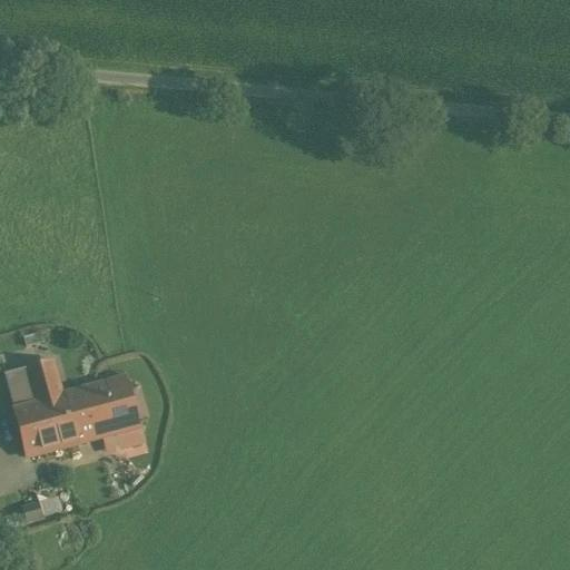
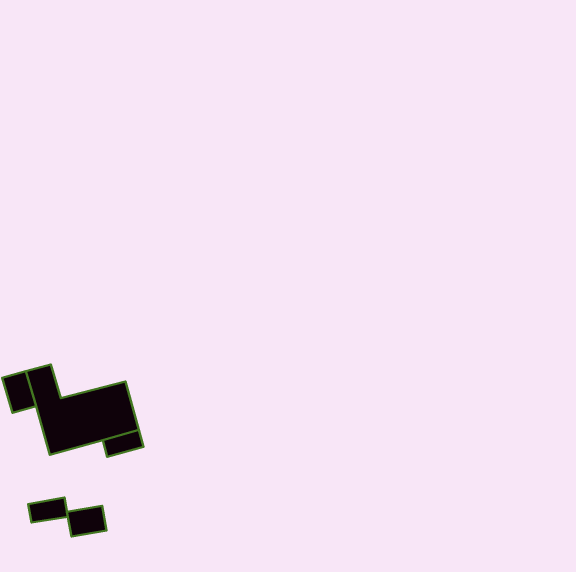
building: [13,401,50,455] -> none
building: none -> [67,506,106,537]

